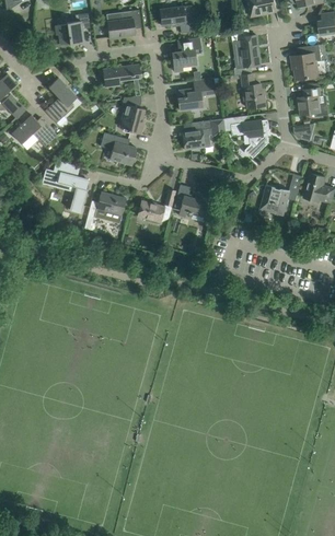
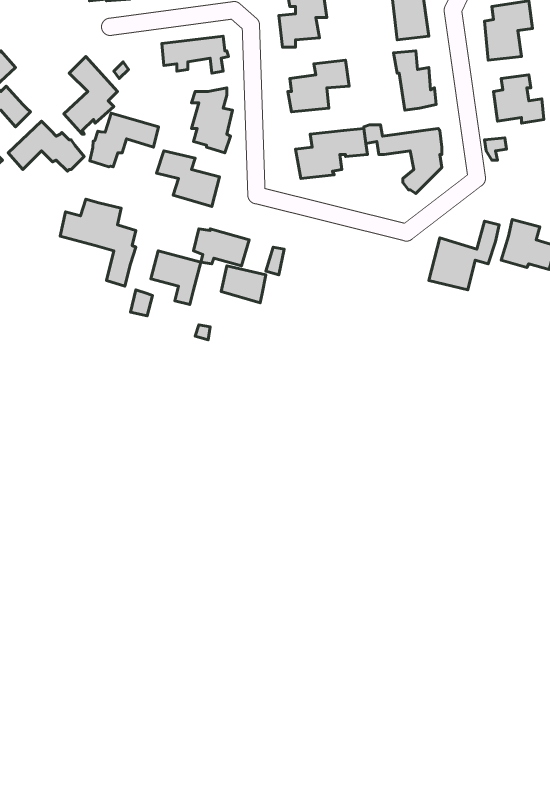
building: none -> [90,113,159,167]
building: [174,195,207,217] -> [193,229,249,266]

